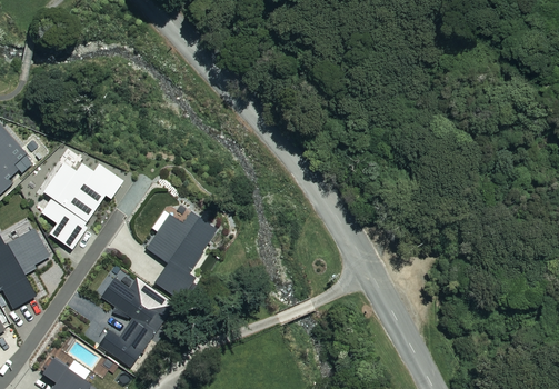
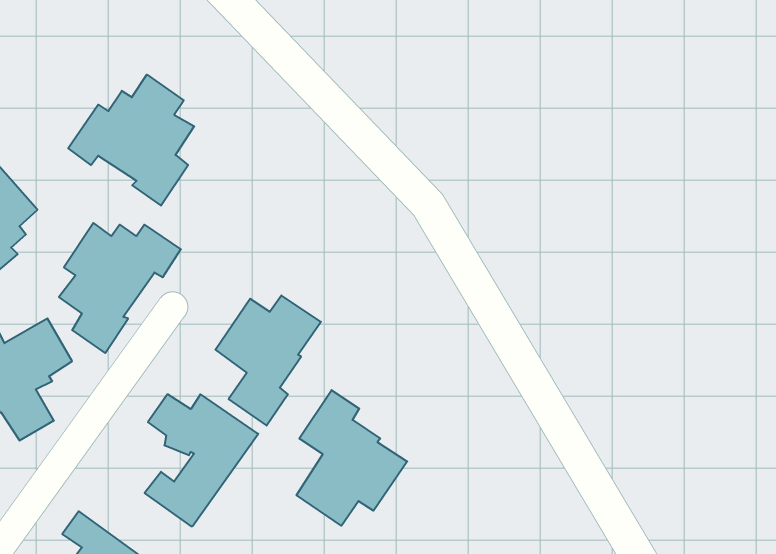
building: none -> [68,75,194,206]
building: none -> [297,390,407,526]

